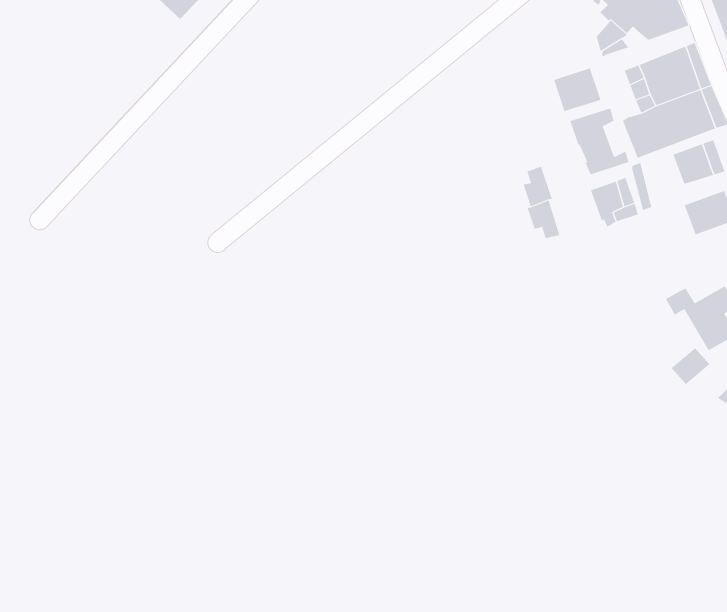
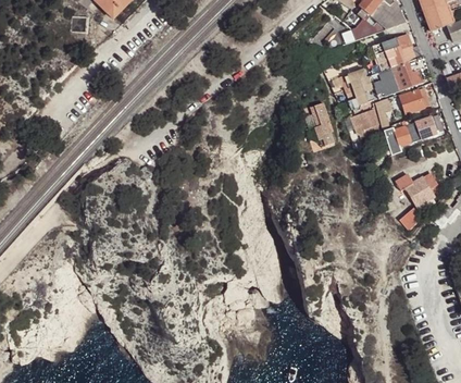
building: [553,67,601,112] -> none
building: none -> [384,124,413,153]

